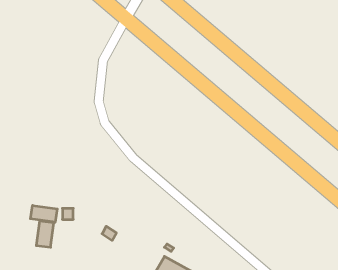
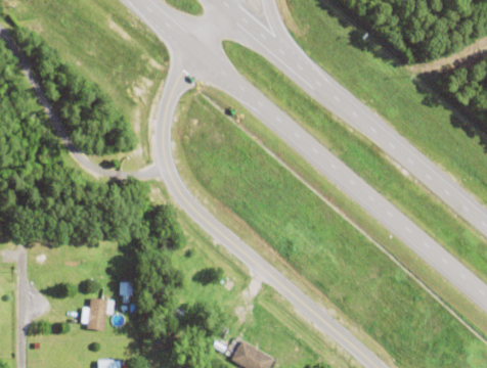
building: [30,205,57,222] -> none

